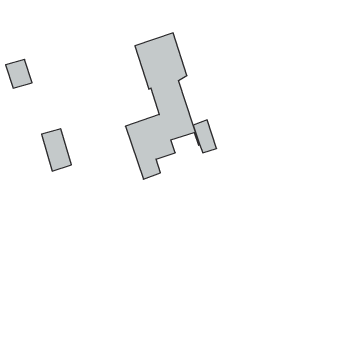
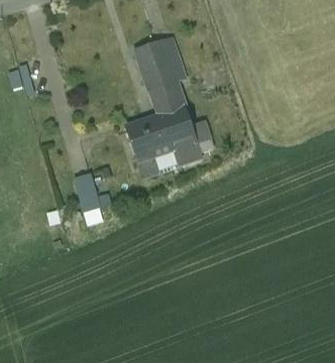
building: [42,129,71,171] -> [77,170,105,211]
building: none -> [169,132,201,164]

